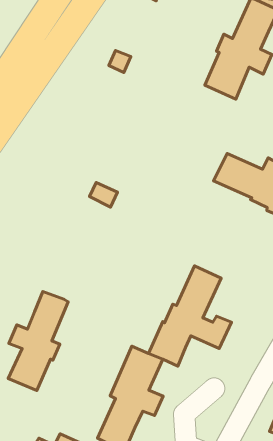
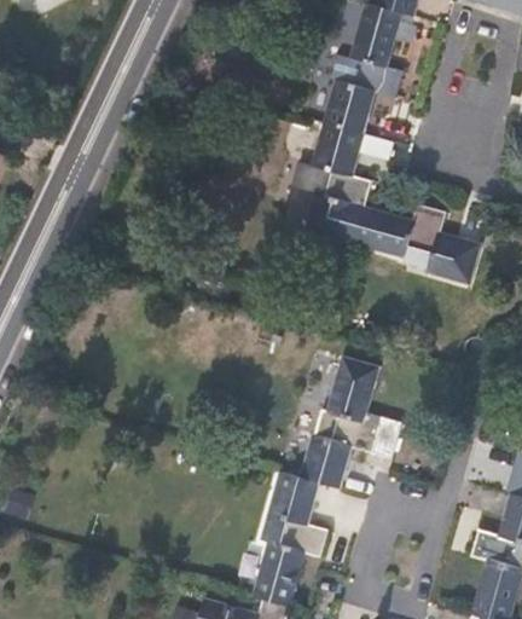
building: none -> [298,122,393,243]
building: [8,291,68,390] -> none

